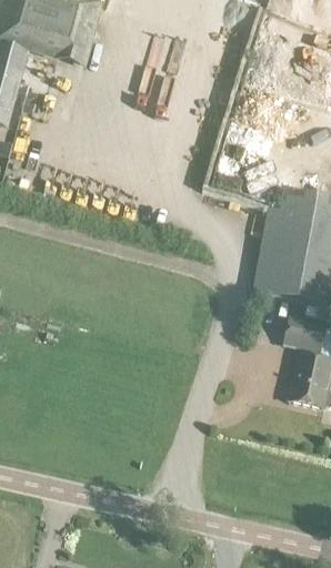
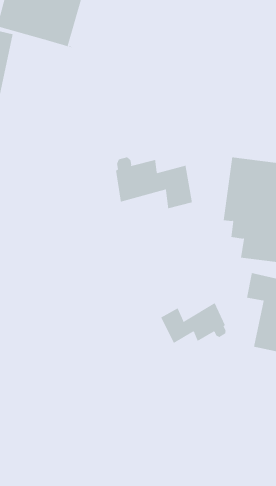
building: none -> [116,156,193,209]
building: none -> [161,302,226,344]

